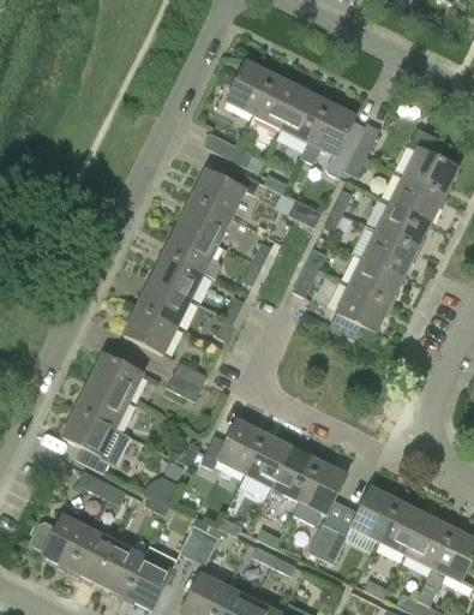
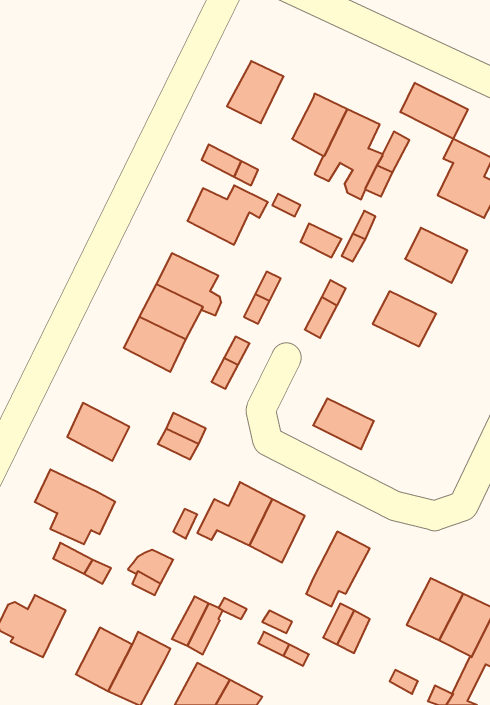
building: [253,74,299,127] -> none
building: none -> [400,83,468,139]
building: [389,175,443,222] -> none
building: [178,197,230,244] -> none
building: [362,229,415,276] -> none
building: [336,285,388,328] -> [313,398,374,449]
building: [122,305,176,353] -> none
building: [74,381,127,428] -> none
building: [271,448,318,501] -> none
building: [349,486,397,541] -> none
building: [68,529,116,583] -> none

